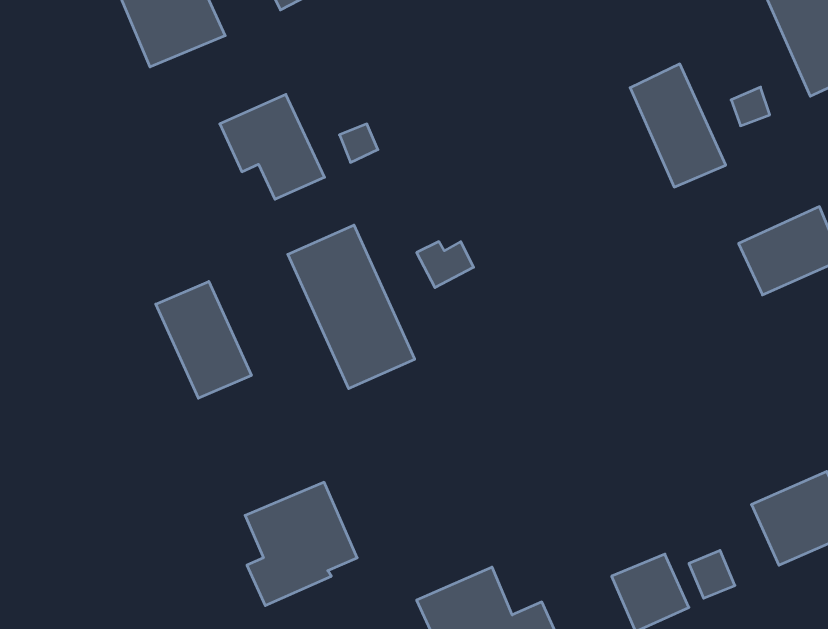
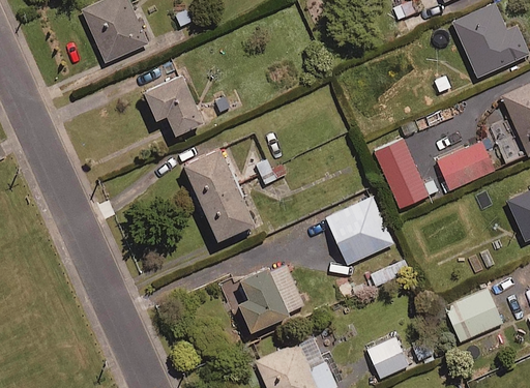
building: [630,64,726,187] -> [375,139,429,208]
building: [156,281,251,398] -> none
building: none -> [326,196,393,264]
building: [245,482,357,606] -> [241,263,304,332]

